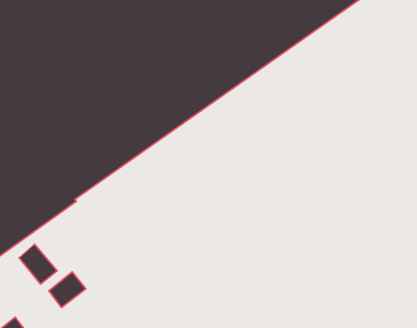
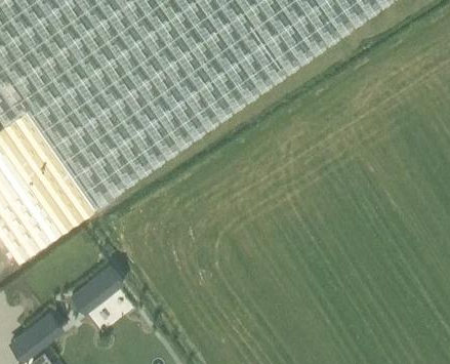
building: [19,244,57,284] -> none

